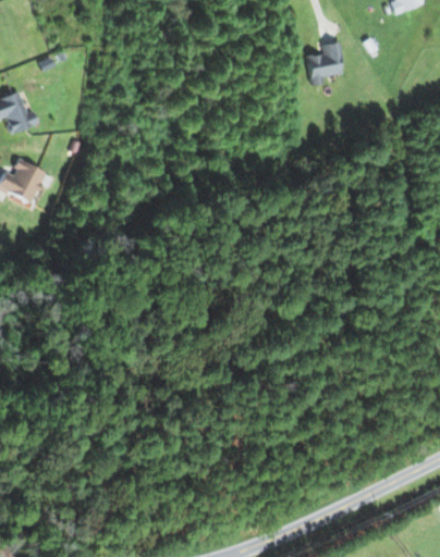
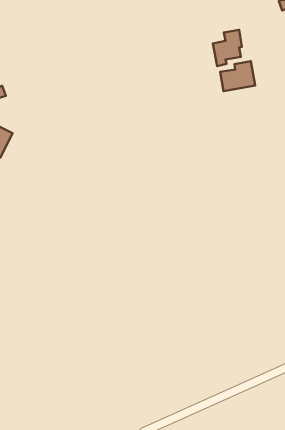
building: none -> [220,61,255,91]

